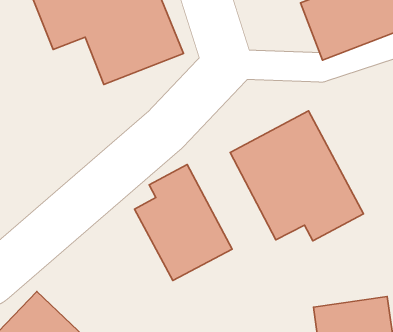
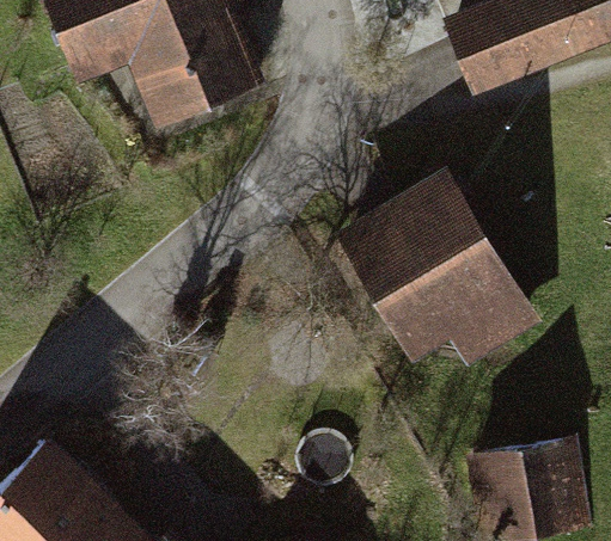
building: [135,165,232,280] -> none

